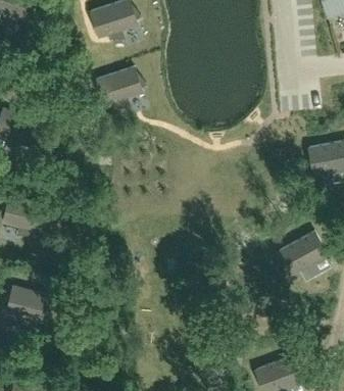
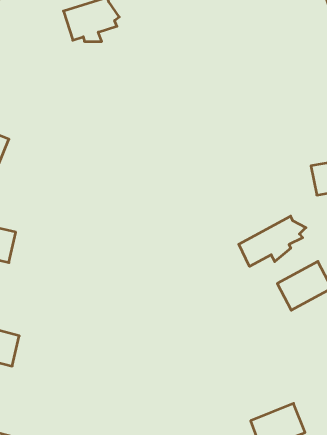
building: [95,67,144,107] -> none
building: none -> [239,216,306,266]

